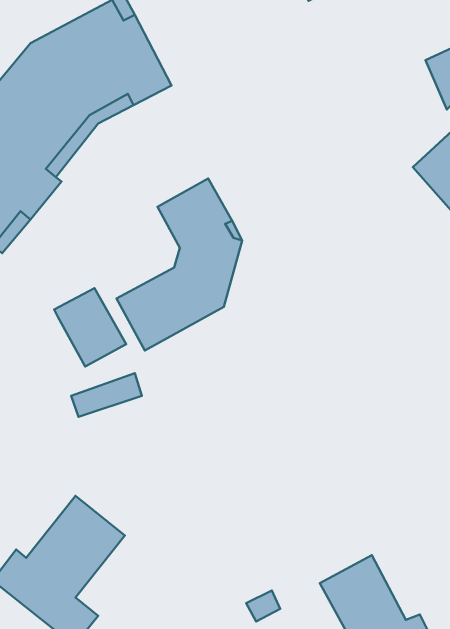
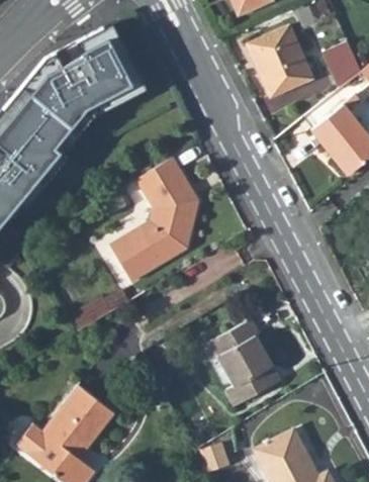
building: none -> [255,33,319,105]
building: [54,288,126,367] -> none
building: none -> [205,314,270,401]

